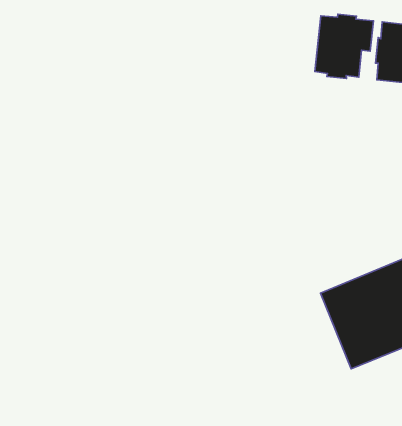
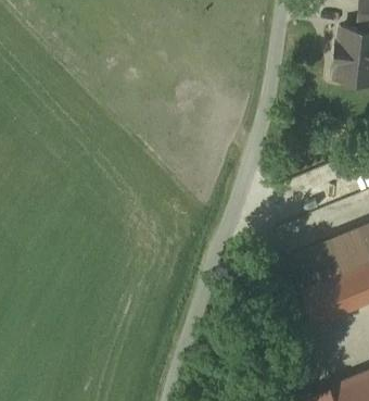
building: [315,14,374,79] -> none

